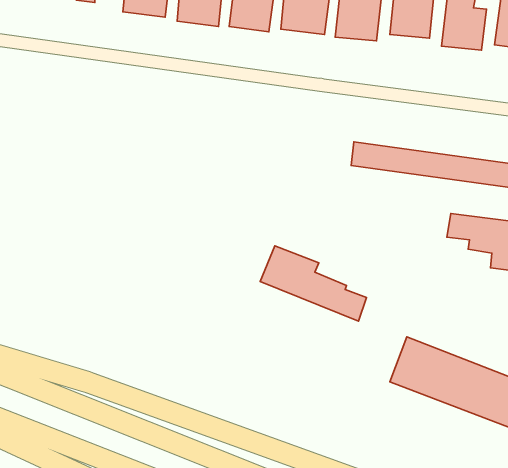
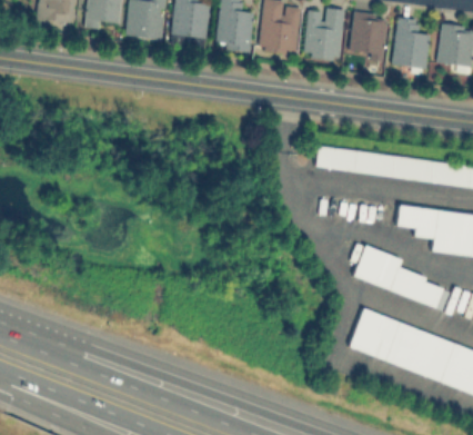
building: [260,246,367,321] -> [354,245,443,308]

